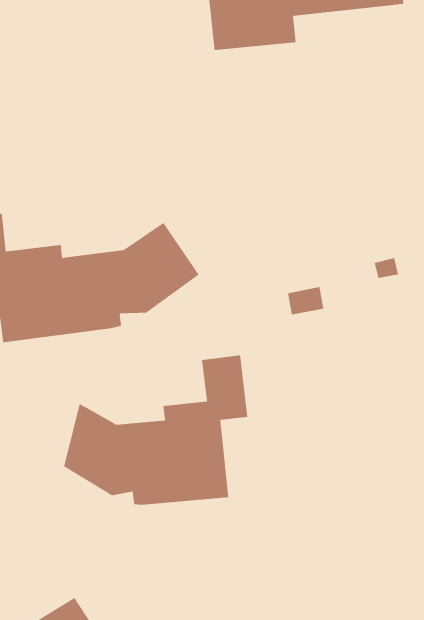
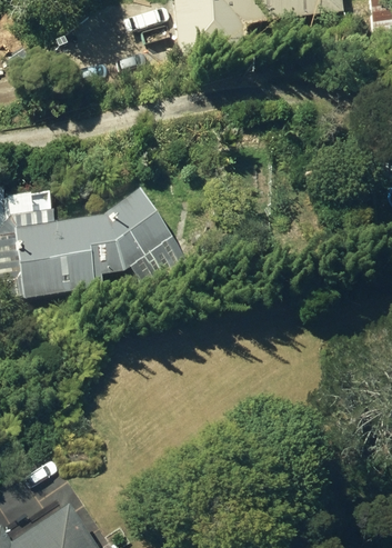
building: [64,355,248,506] -> none

